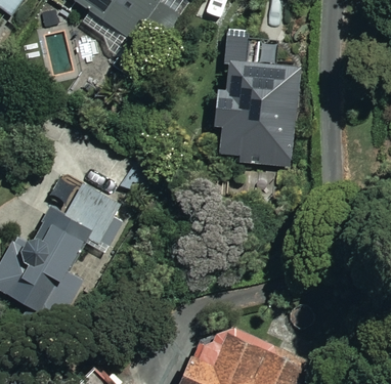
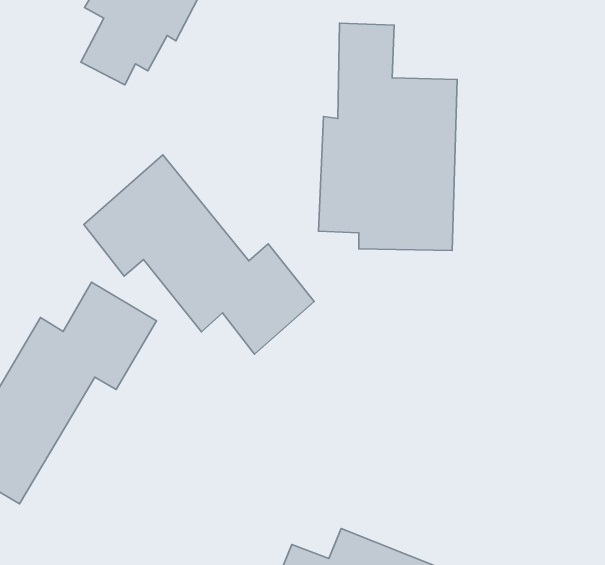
building: none -> [84,155,314,354]

